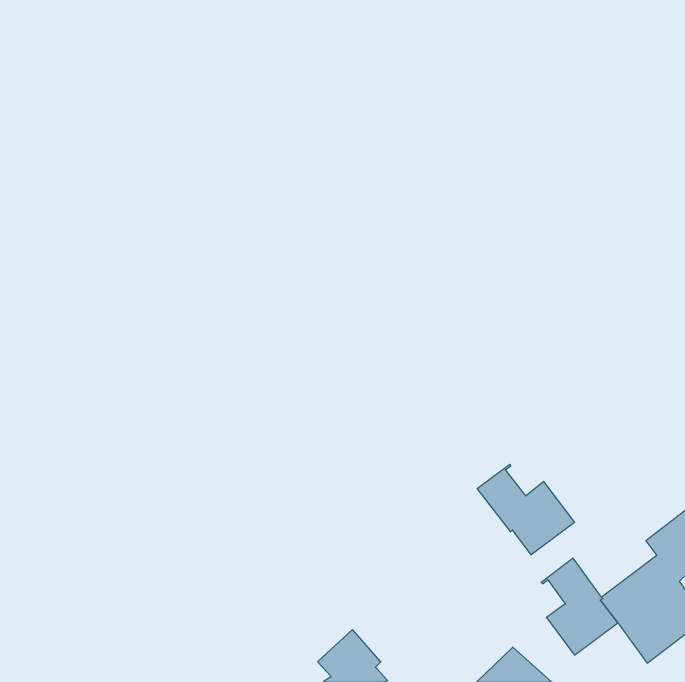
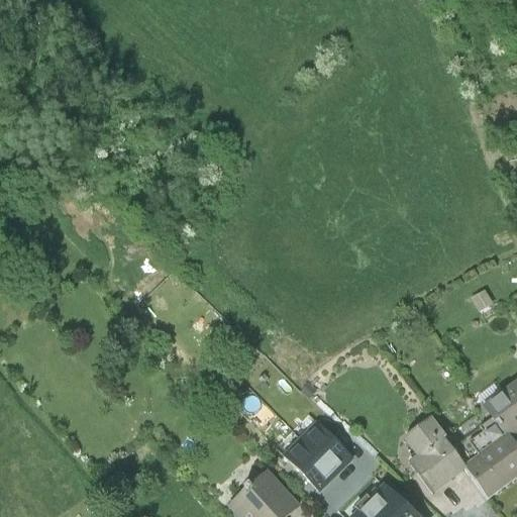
building: [477,464,575,555] -> none
building: none -> [286,422,353,490]

